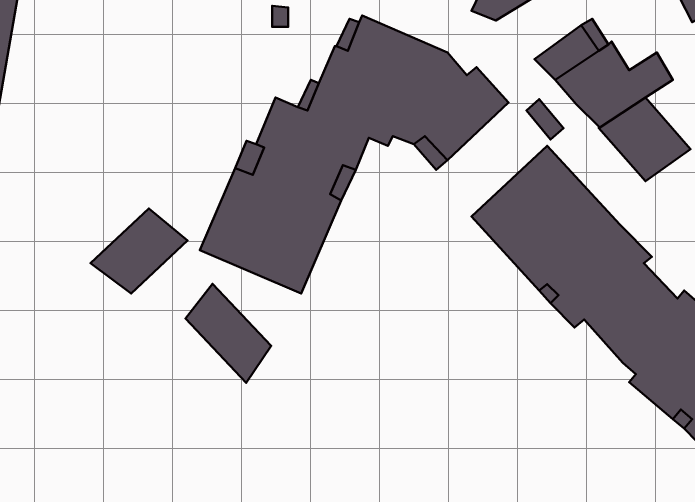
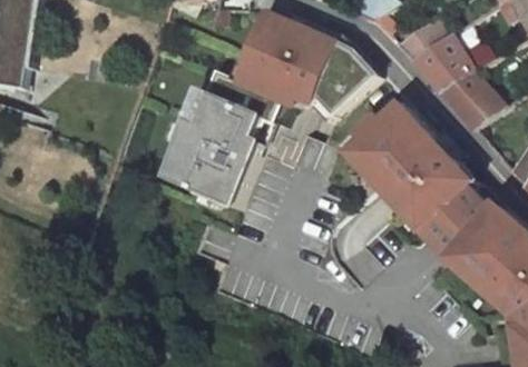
building: [91,208,188,293] -> none
building: [186,284,271,383] -> none

